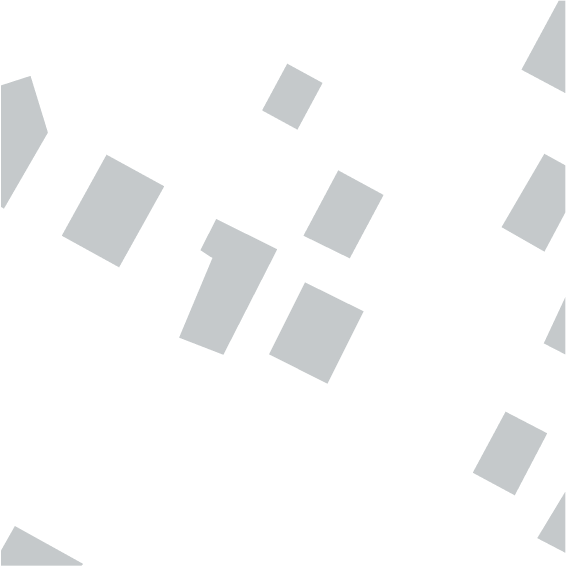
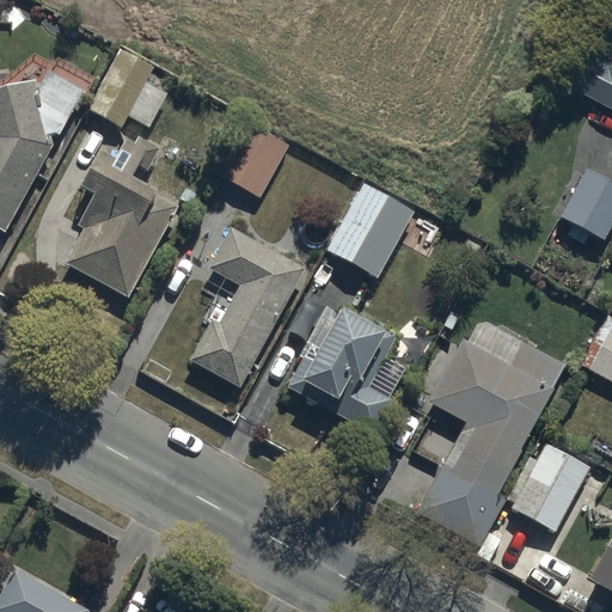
building: none -> [86,50,153,130]
building: [261,63,323,131] -> [221,127,288,200]
building: none -> [429,329,570,541]

